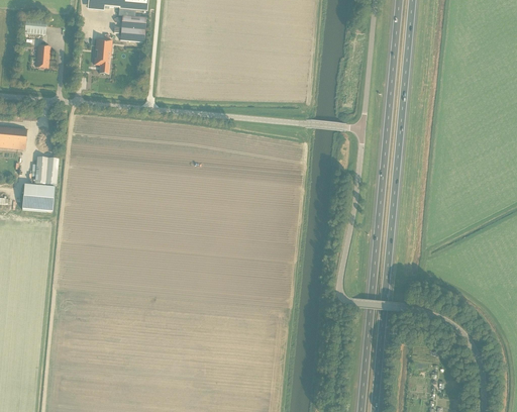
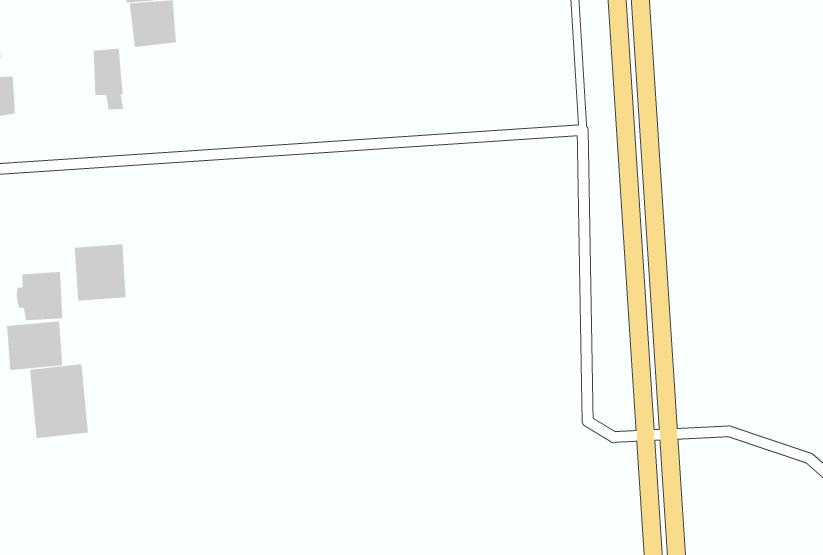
building: none -> [74,243,126,302]
building: none -> [30,364,88,439]

